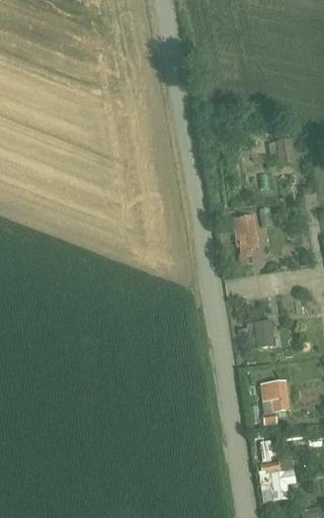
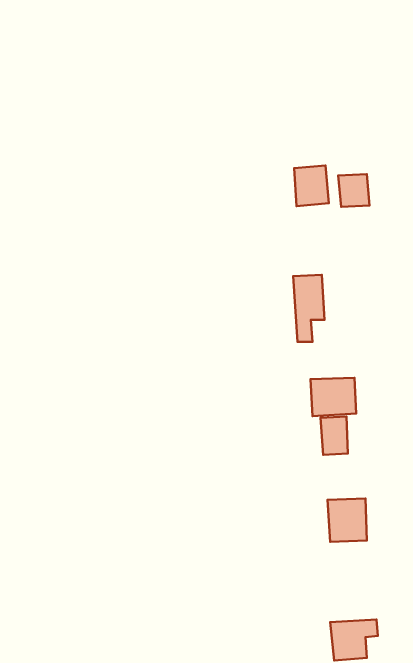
building: none -> [294,165,329,206]
building: none -> [311,378,356,416]

